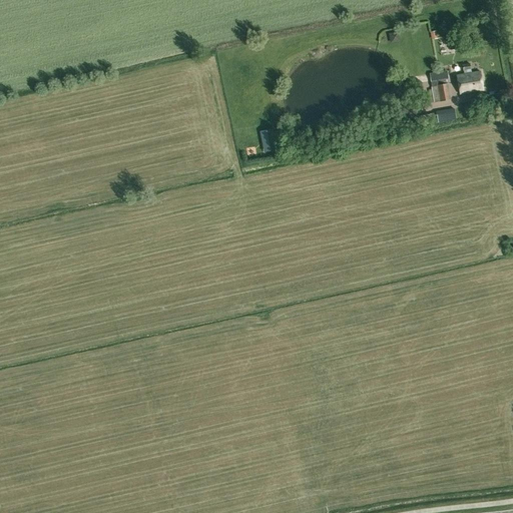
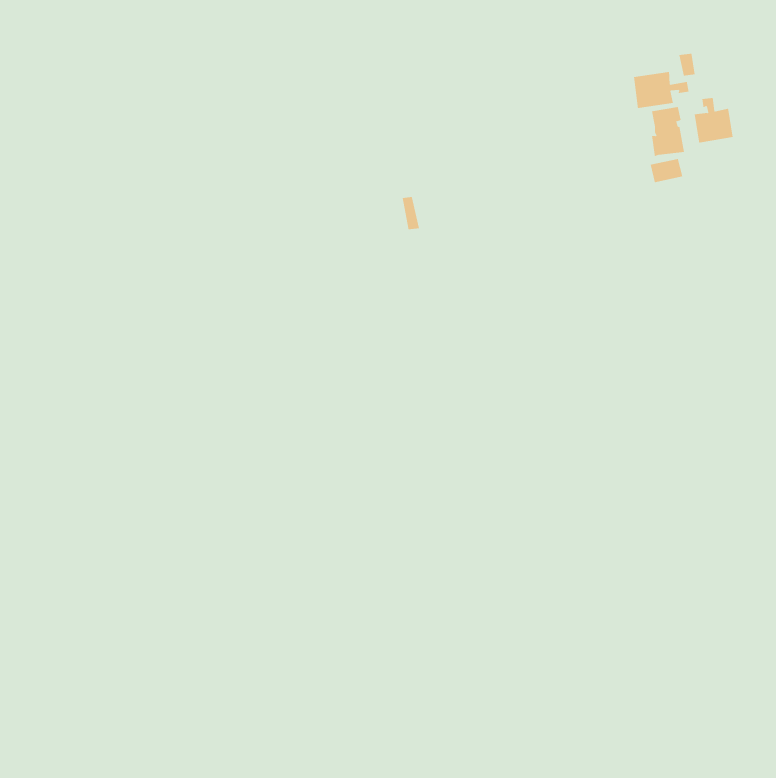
building: none -> [633,71,689,109]

